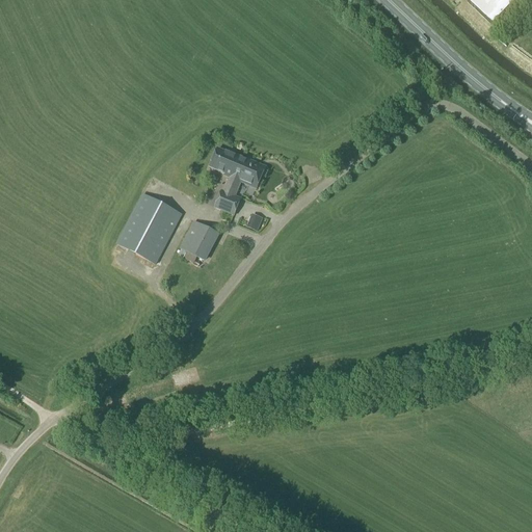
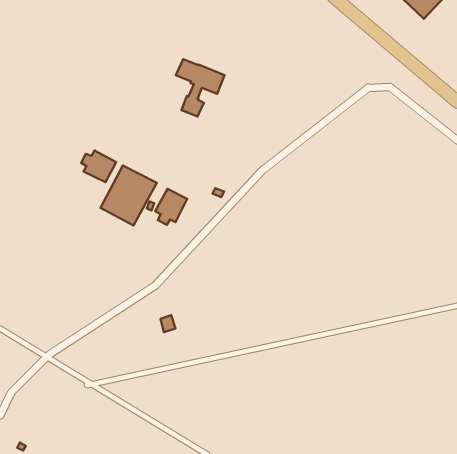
building: [210,145,266,212] -> [176,59,224,116]
building: none -> [81,151,116,182]

